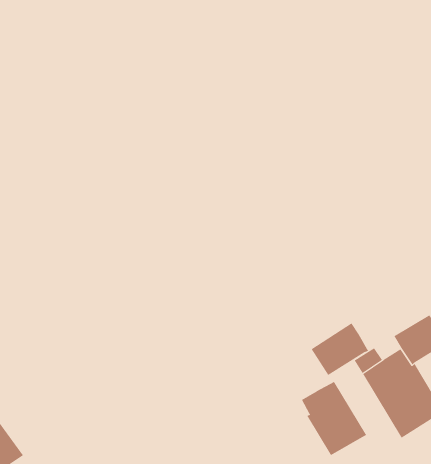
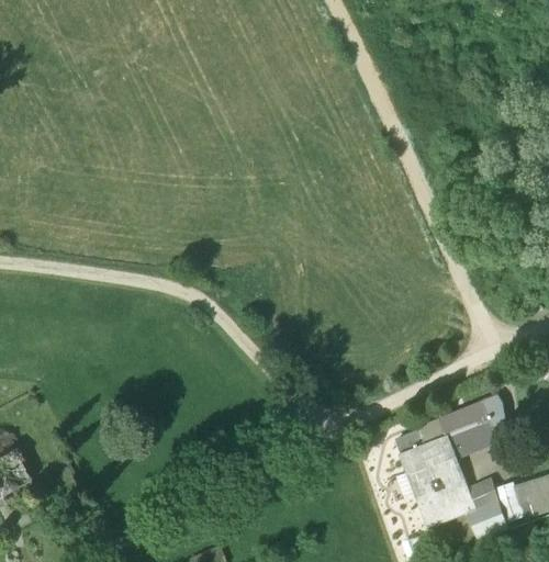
building: [311,323,369,376] -> none
building: [301,381,367,456] -> none

